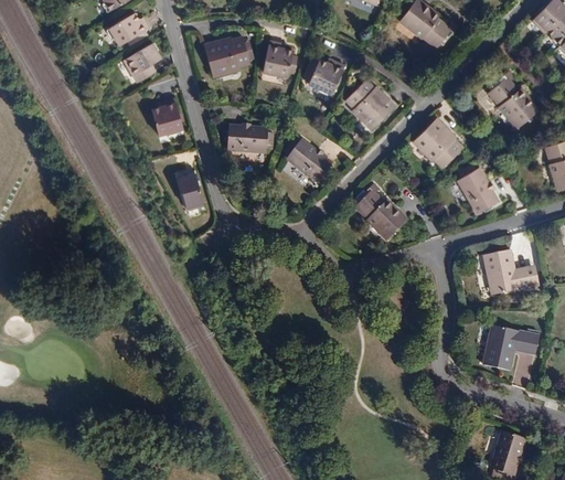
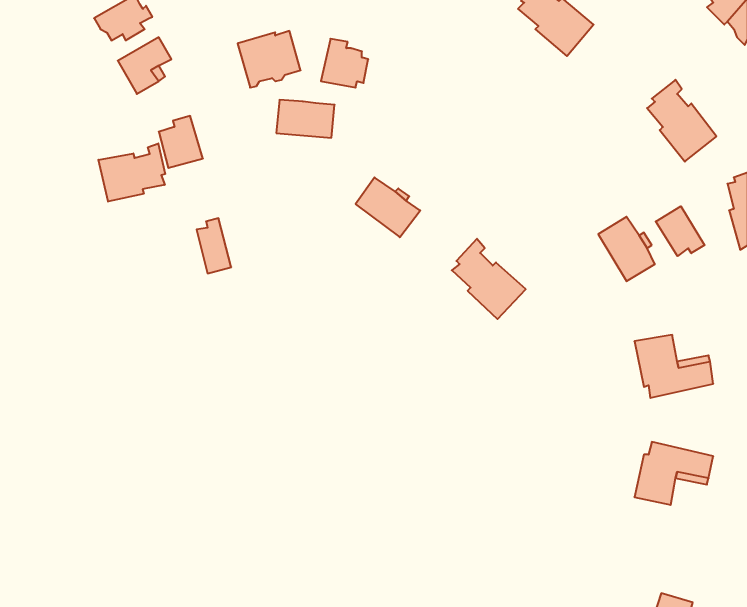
building: [309,61,345,95] -> none
building: [347,81,396,130] -> none
building: none -> [98,143,165,202]
building: [415,119,463,168] -> none
building: [228,127,269,153] -> [276,100,335,138]
building: none -> [656,206,705,256]

